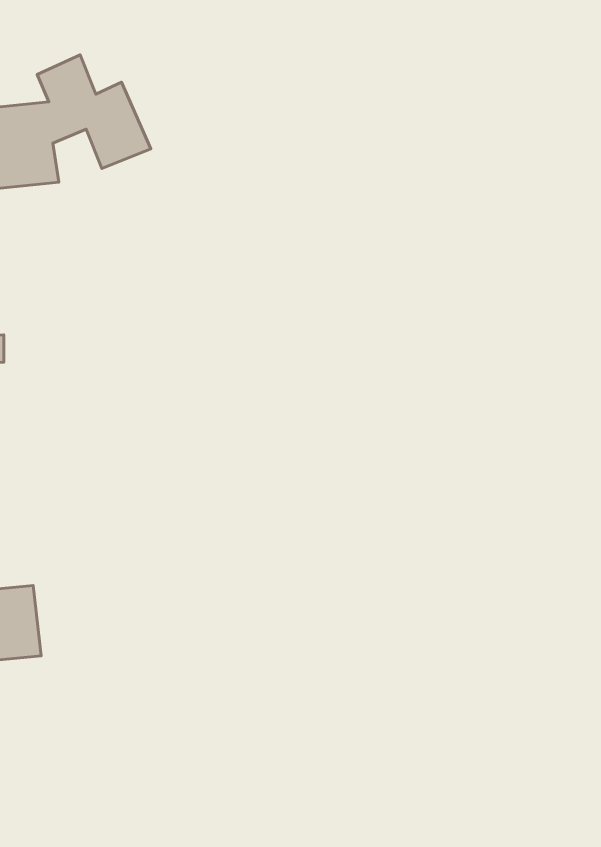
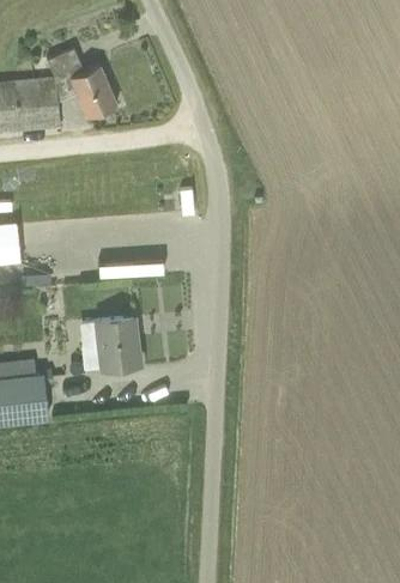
building: none -> [79,316,141,370]

